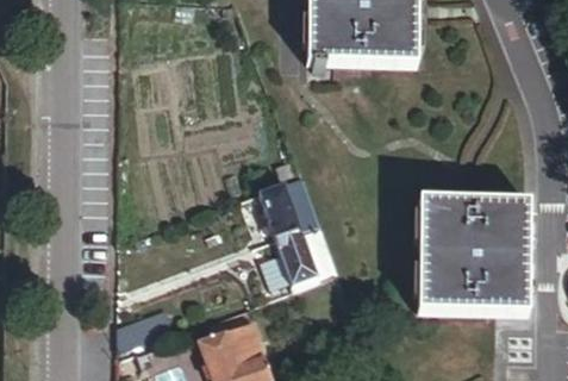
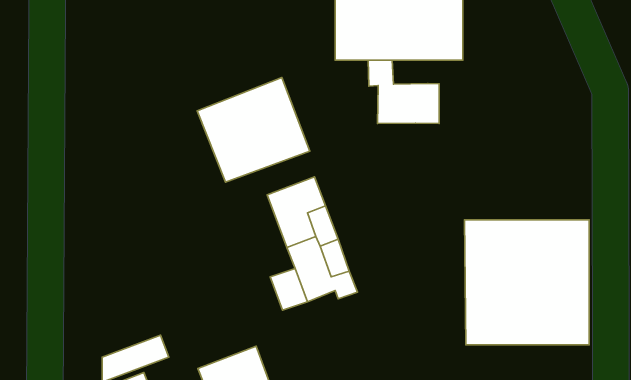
building: none -> [368,60,439,123]
building: none -> [197,77,310,182]

